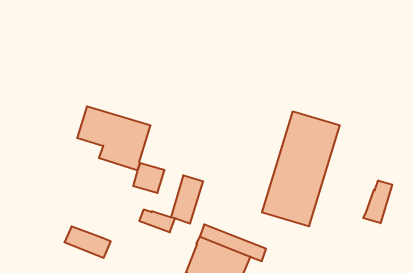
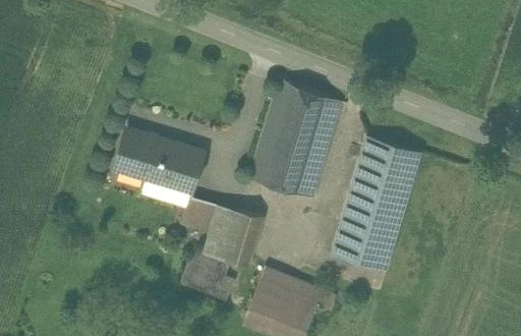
building: none -> [249,79,341,198]
building: none -> [202,205,239,260]
building: [363,180,392,223] -> none
building: [64,226,111,258] -> [180,264,234,300]

